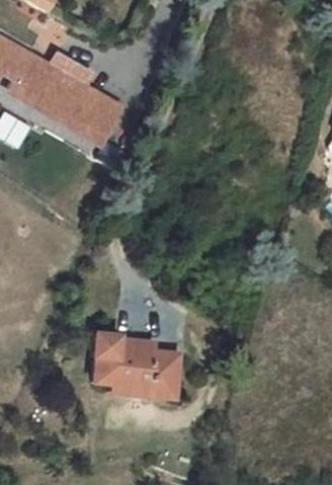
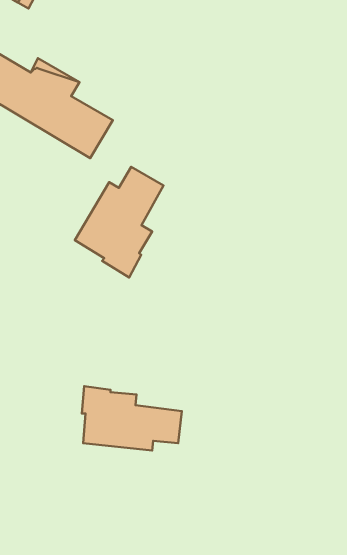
building: none -> [75,167,163,277]

